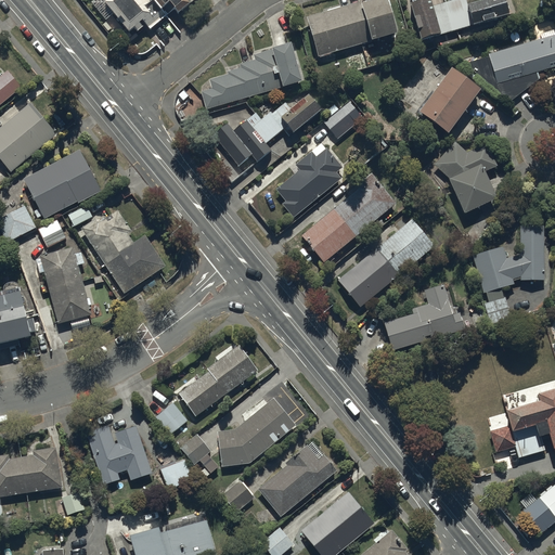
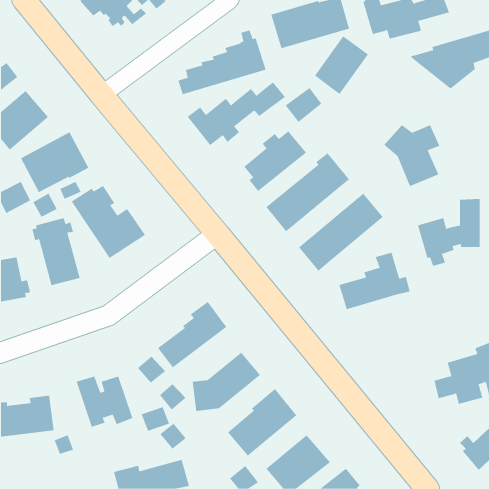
building: [420,66,481,133] -> [314,35,369,95]
building: [223,480,254,511] -> [160,423,186,450]

